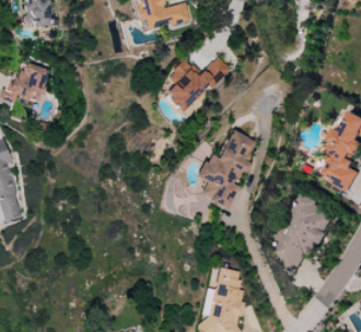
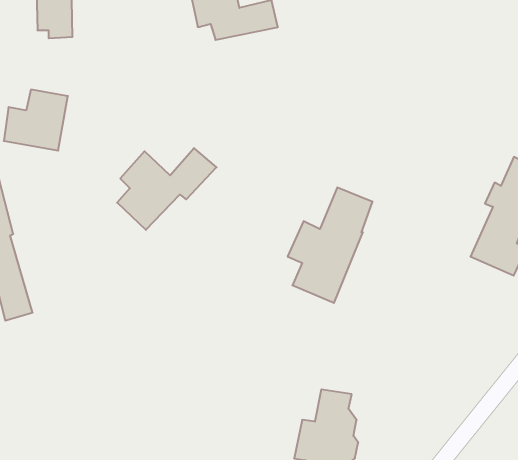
building: [164,57,232,112] -> [117,148,217,230]
building: [279,192,333,270] -> none

